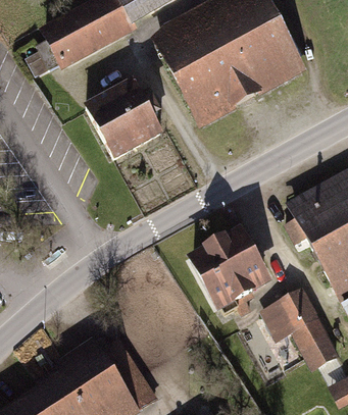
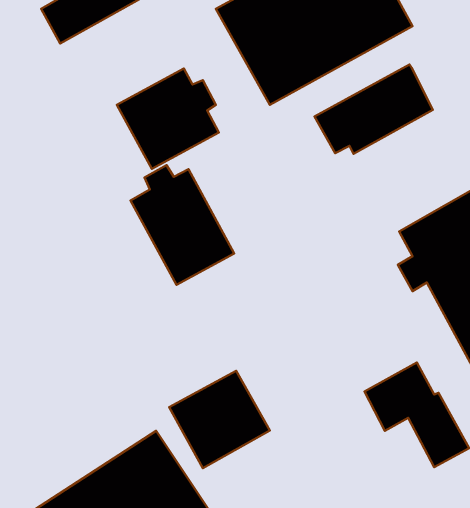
building: none -> [314,64,433,154]
building: none -> [130,165,234,285]
building: [194,234,264,302] -> [169,371,270,468]

